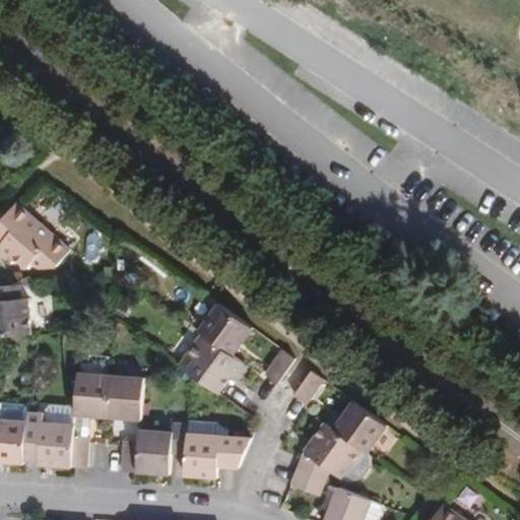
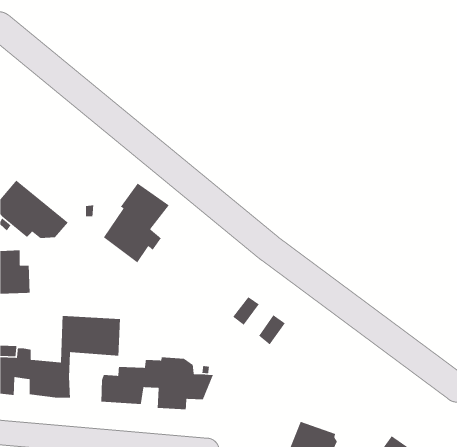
building: [176,301,252,392] -> [103,183,170,263]
building: [291,401,387,496] -> none

